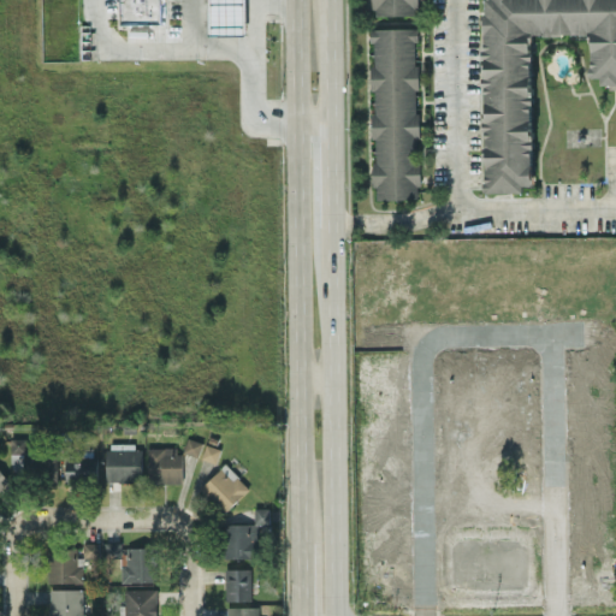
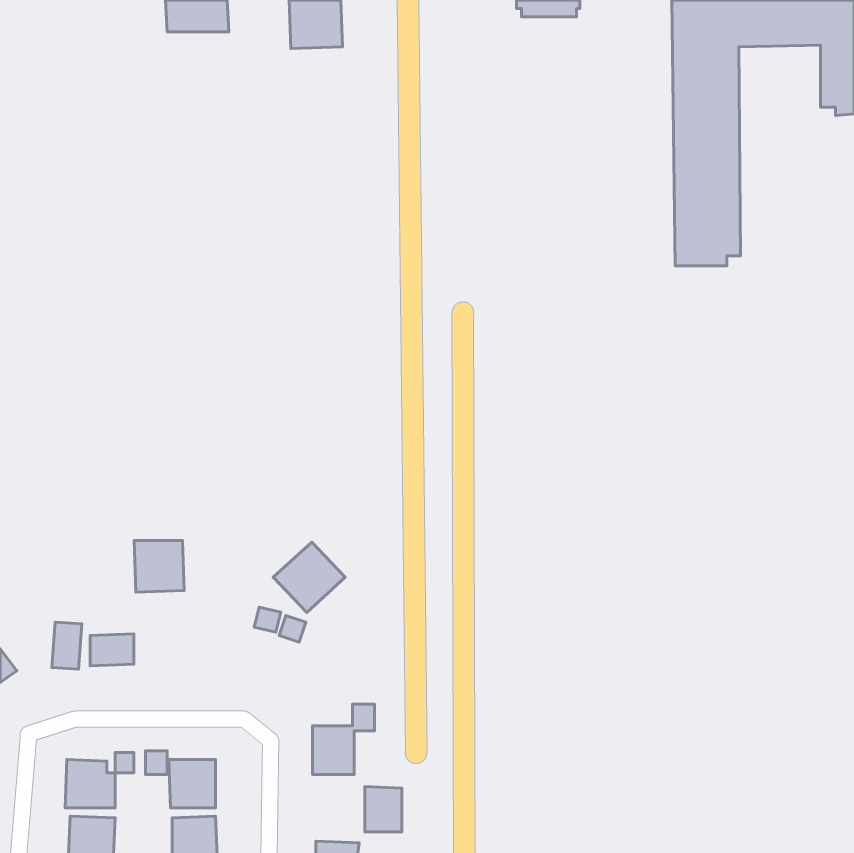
building: [369,26,420,199] -> none
building: [11,438,28,470] -> none
building: [106,445,142,482] -> [134,540,184,592]
building: [148,448,182,484] -> none
building: [199,463,250,514] -> [273,542,345,612]
building: [225,568,251,600] -> [365,787,402,832]

